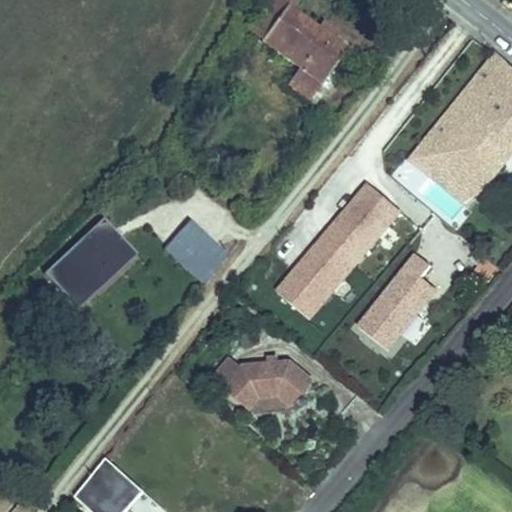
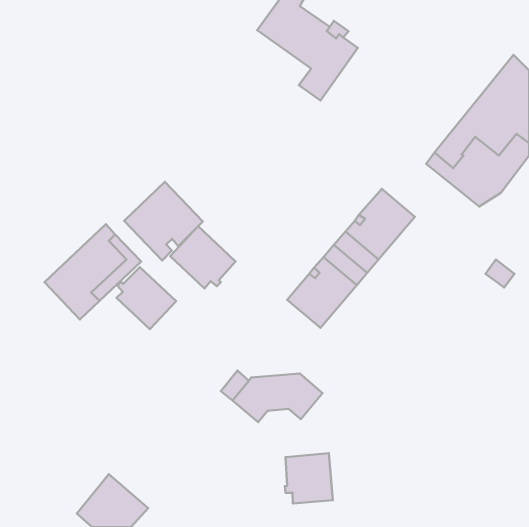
building: none -> [124,182,203,261]
building: [358,252,436,348] -> none
building: none -> [116,267,176,329]
building: none -> [285,453,333,504]

